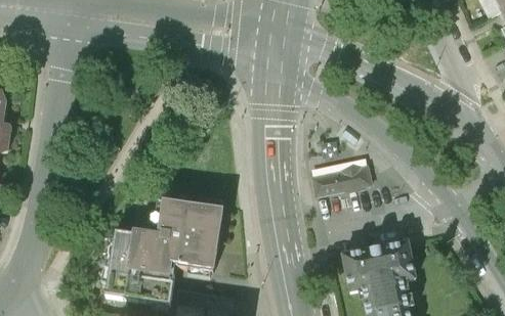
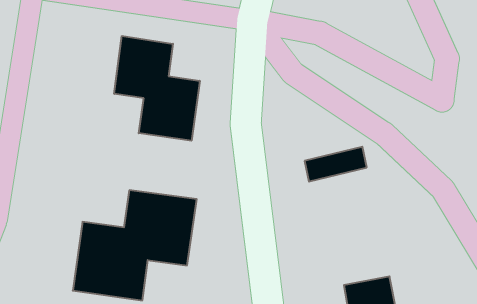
building: none -> [114,36,200,141]
building: [342,240,416,289] -> none

